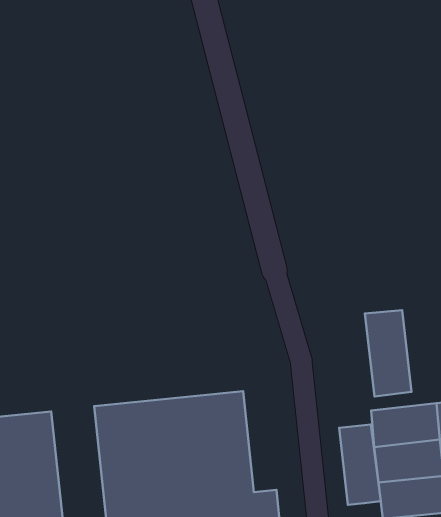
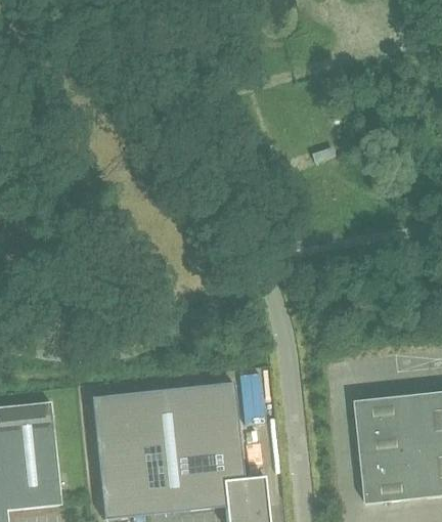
building: [365,310,411,397] -> none
building: [339,424,381,505] -> none

